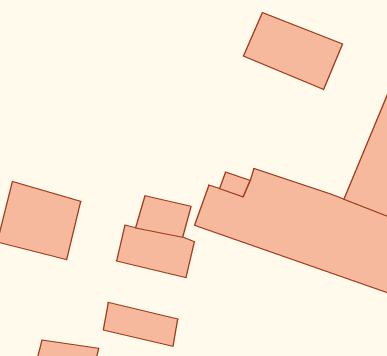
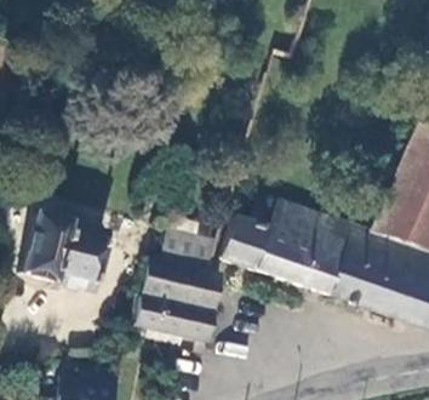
building: [243,13,343,90] -> none
building: [103,302,178,346] -> [136,293,212,338]

